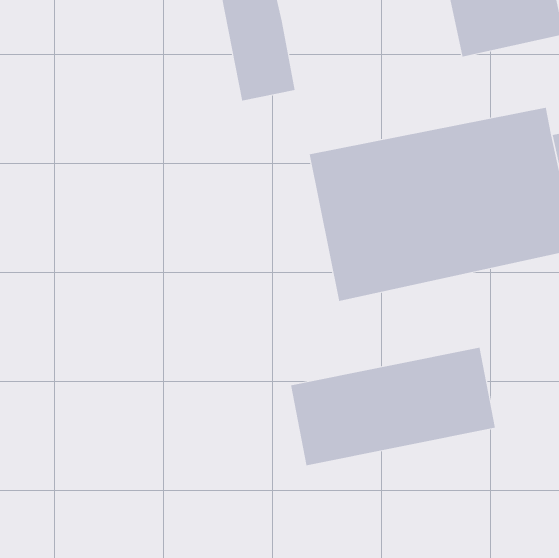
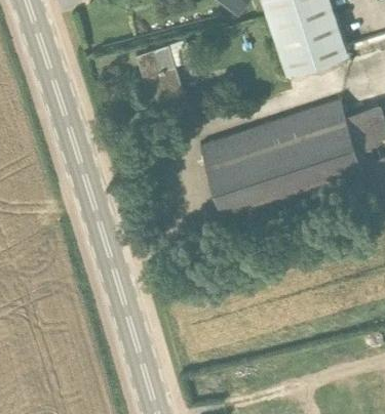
building: [291,347,495,466] -> none

